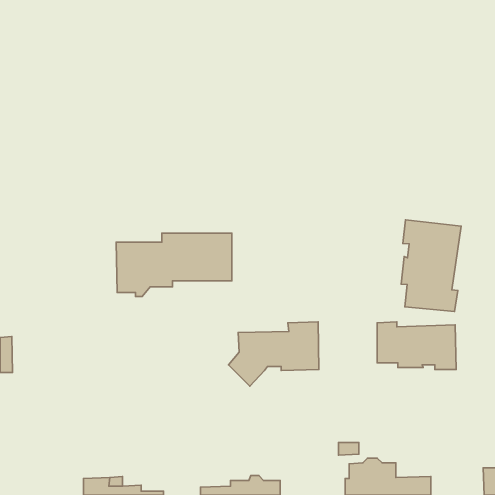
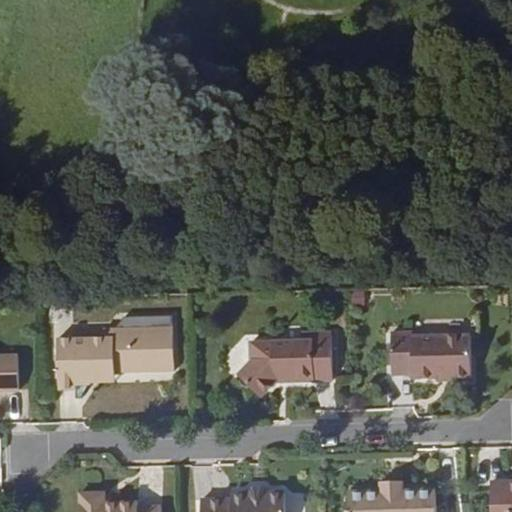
building: [401,220,461,312] -> none
building: [116,233,232,297] -> [54,329,173,394]

